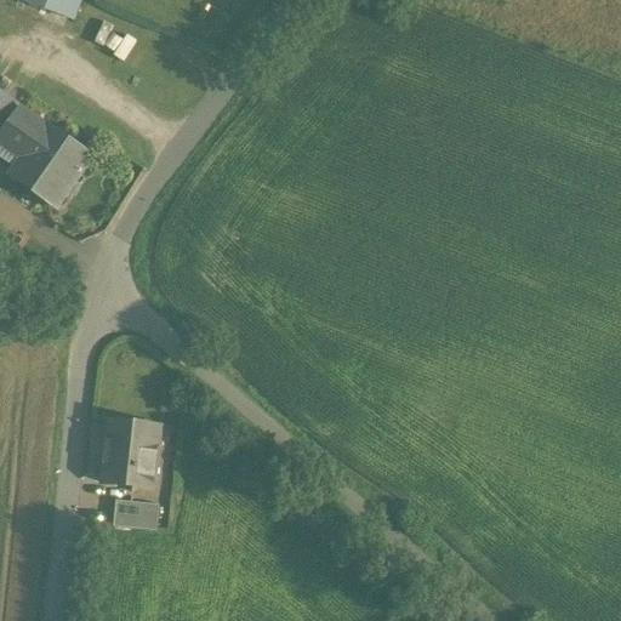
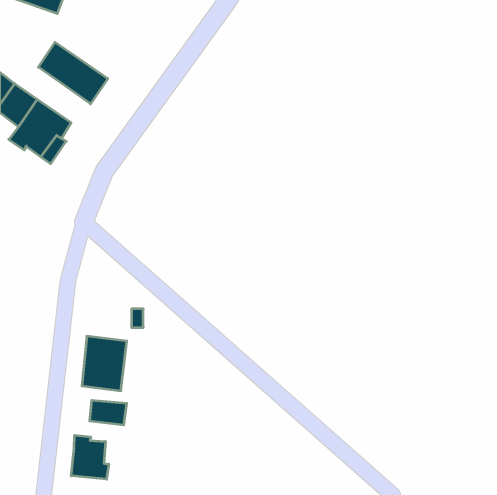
building: none -> [38,42,108,104]
building: none -> [71,435,109,479]

